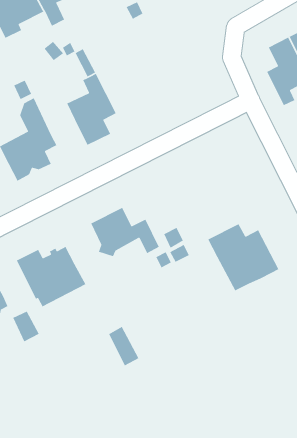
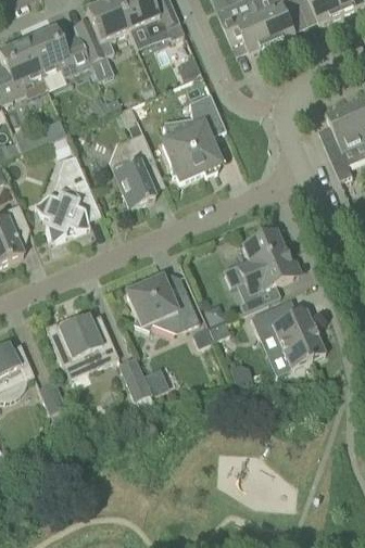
building: none -> [161,92,226,180]
building: none -> [225,229,293,311]
building: [108,326,139,367] -> [118,356,150,399]

